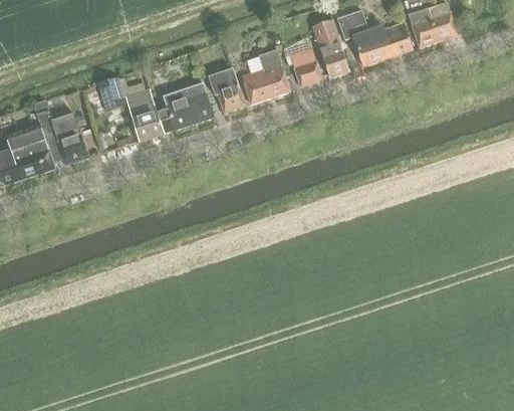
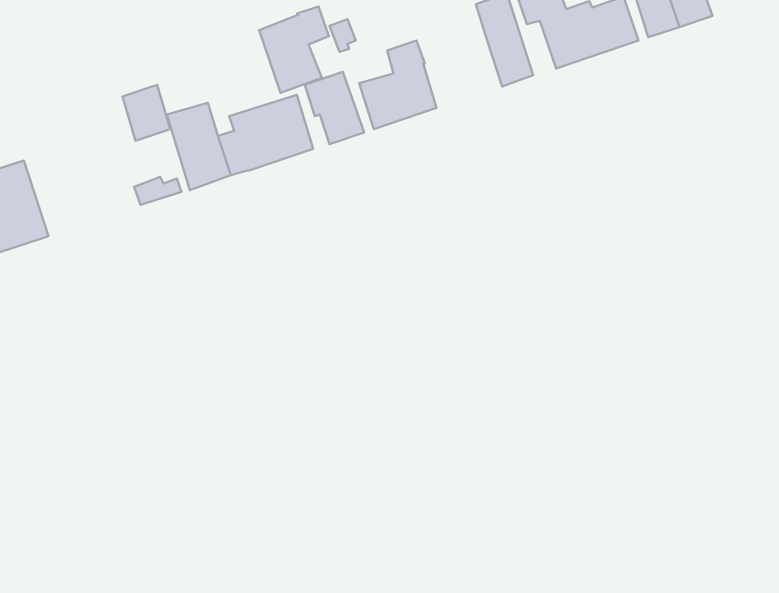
building: none -> [259,7,329,93]
building: [290,47,322,86] -> none
building: [36,111,88,169] -> none

